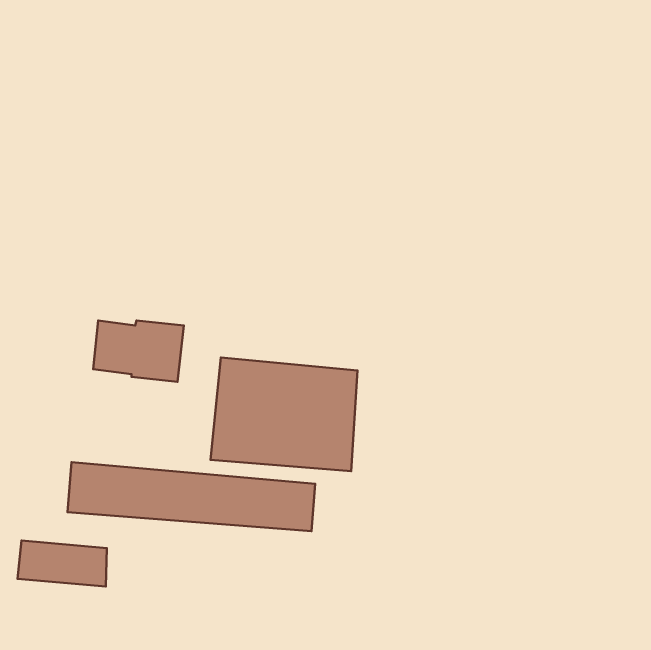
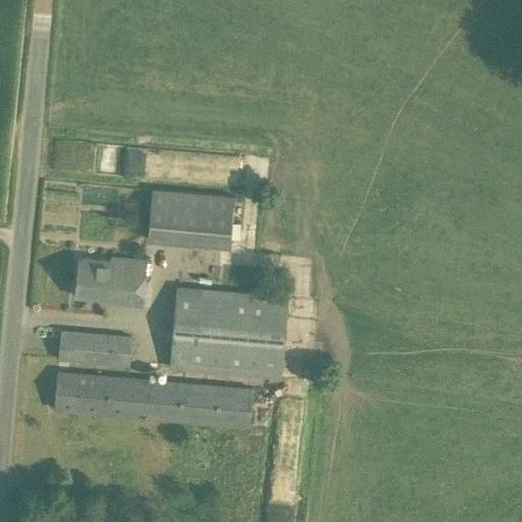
building: none -> [147,190,239,247]
building: [18,541,107,587] -> [58,330,129,367]

